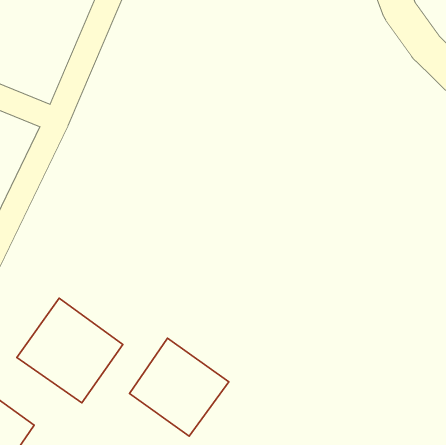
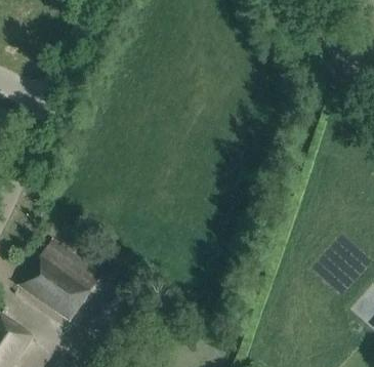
building: [129,338,229,436] -> none

